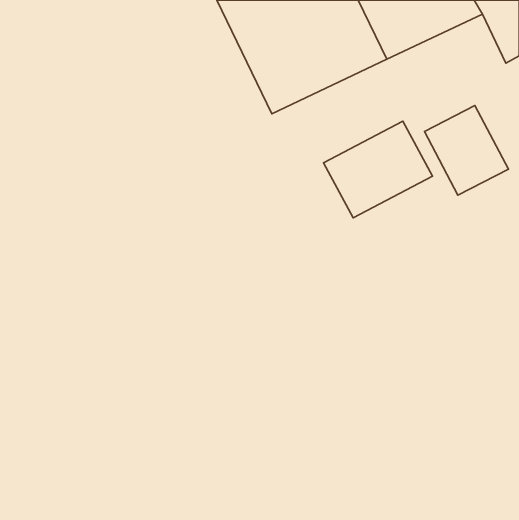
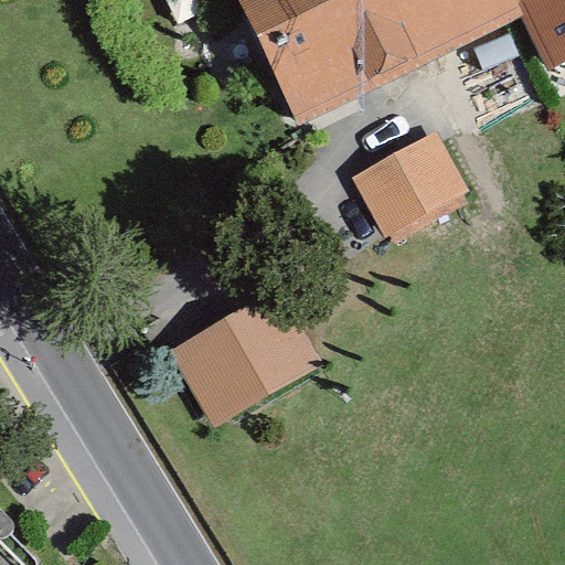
building: [424,106,508,195] -> none
building: none -> [171,290,320,426]

